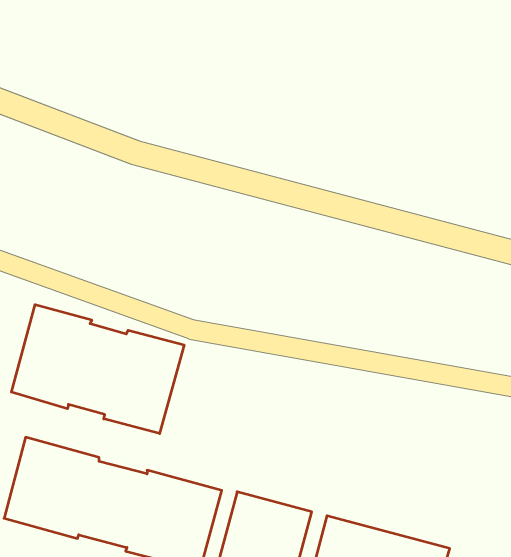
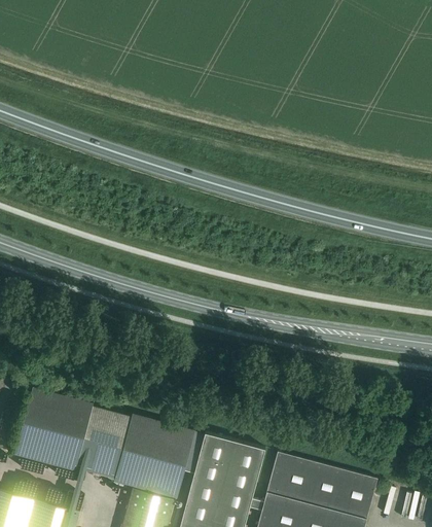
building: [11,305,184,434] -> none

